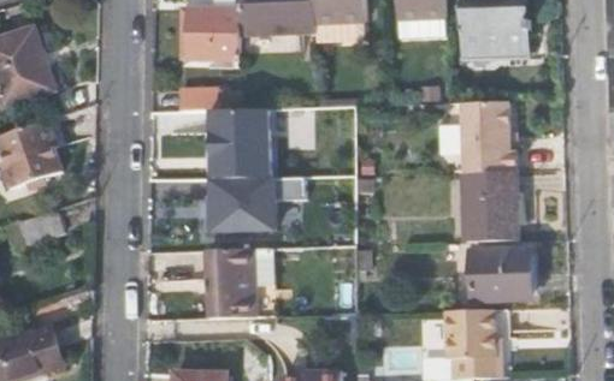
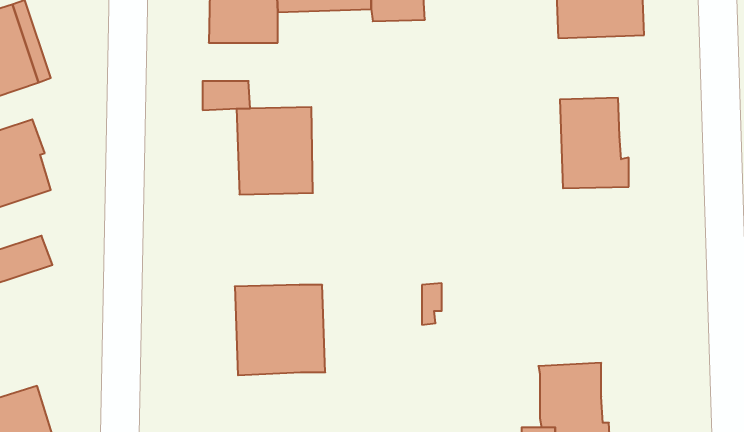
building: [460,172,519,244] -> none
building: [205,177,273,230] -> none
building: [471,252,530,299] -> none

